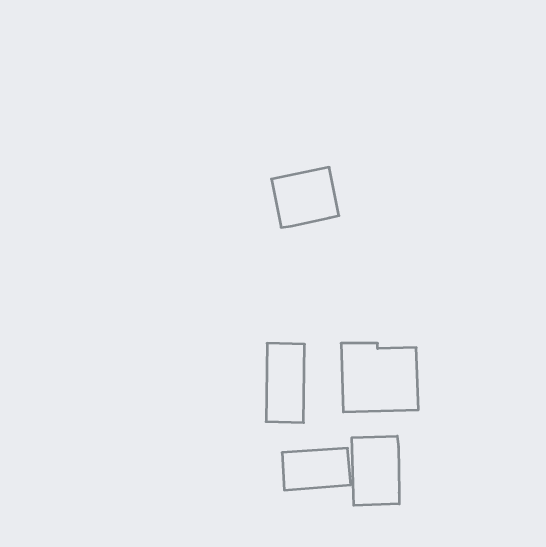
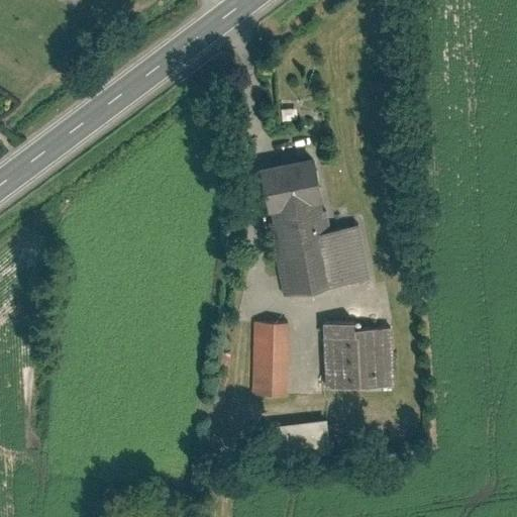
building: none -> [272,206,369,298]
building: [352,436,399,505] -> none

